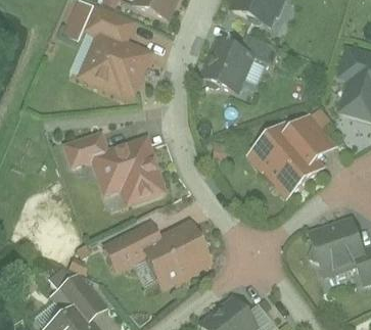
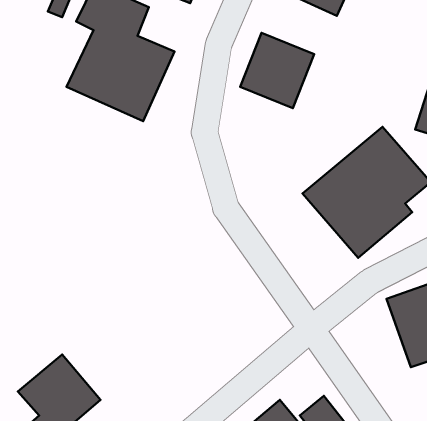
building: [63,131,167,205] -> none
building: [103,218,212,289] -> none

